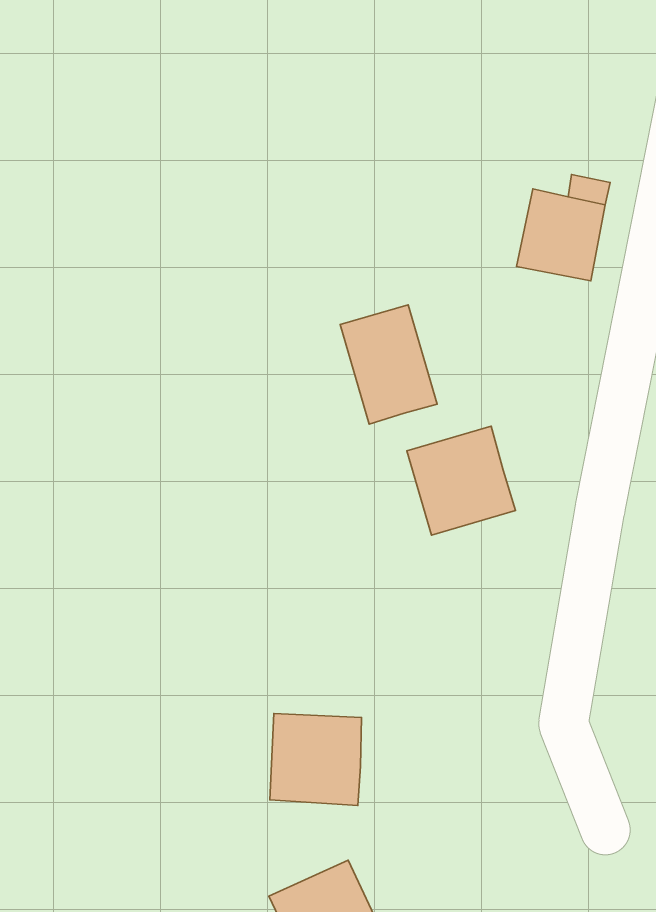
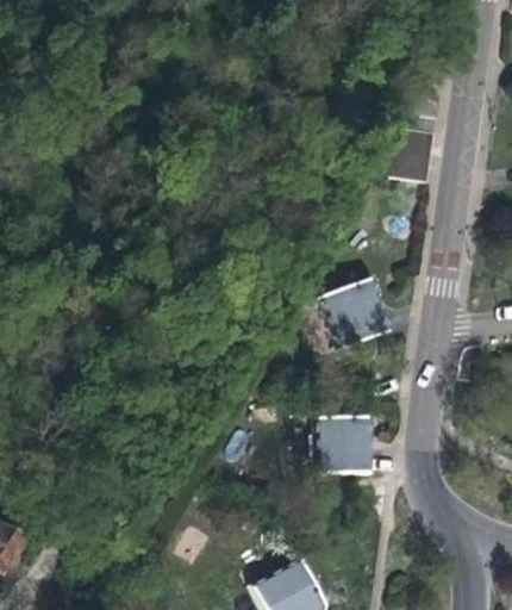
building: [340,305,437,424] -> none
building: [270,714,362,805] -> [316,417,373,473]

